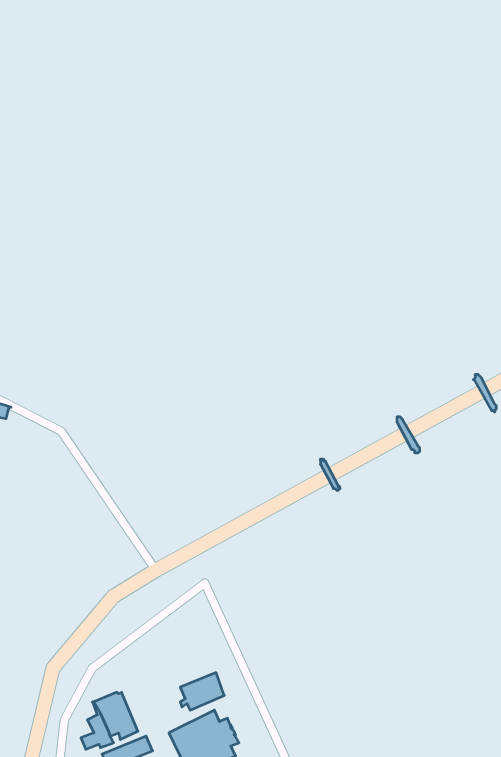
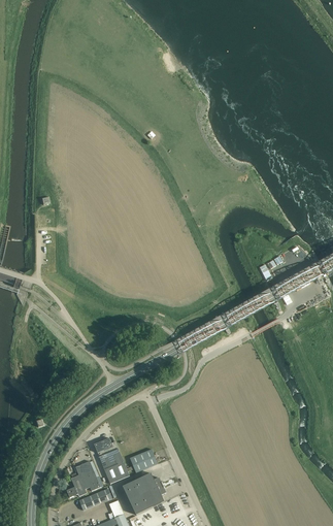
building: none -> [93,437,129,484]

